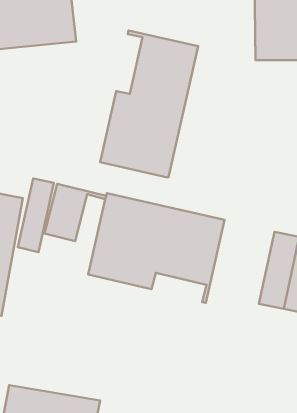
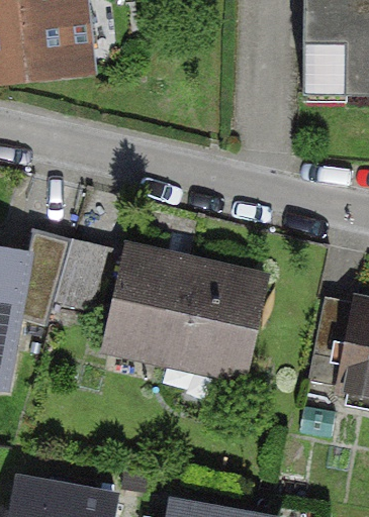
building: [100,30,198,177] -> none

